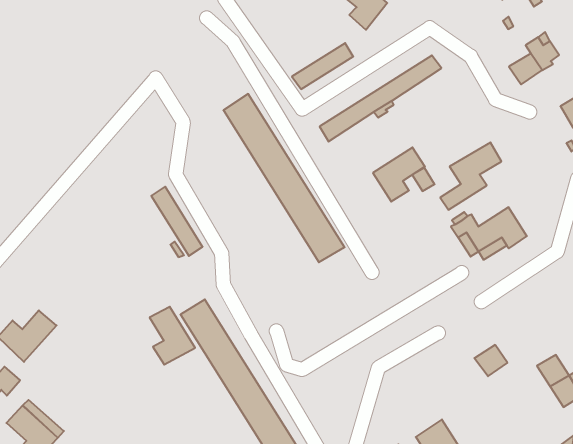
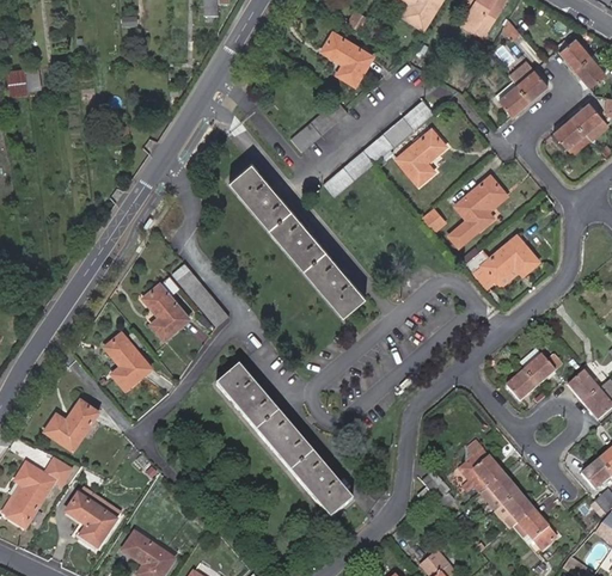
building: [373,147,425,202] -> [396,129,445,184]
building: none -> [142,282,189,341]
building: [150,307,195,365] -> [104,332,152,388]
building: none -> [516,348,562,385]

